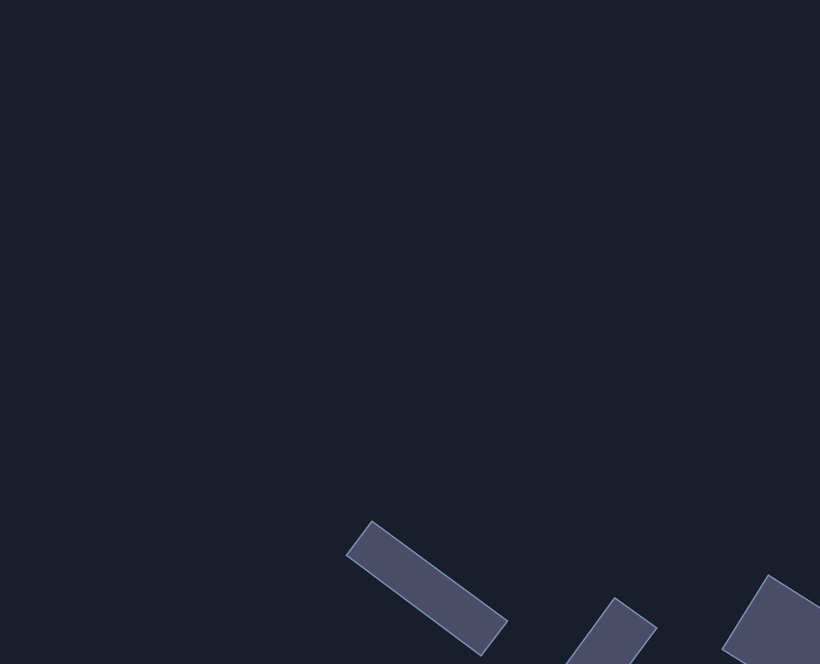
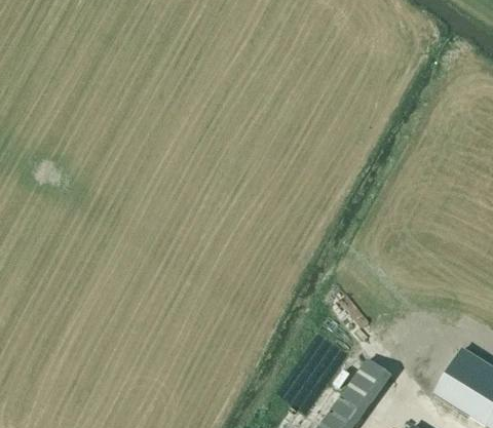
building: [346,521,508,656] -> none

